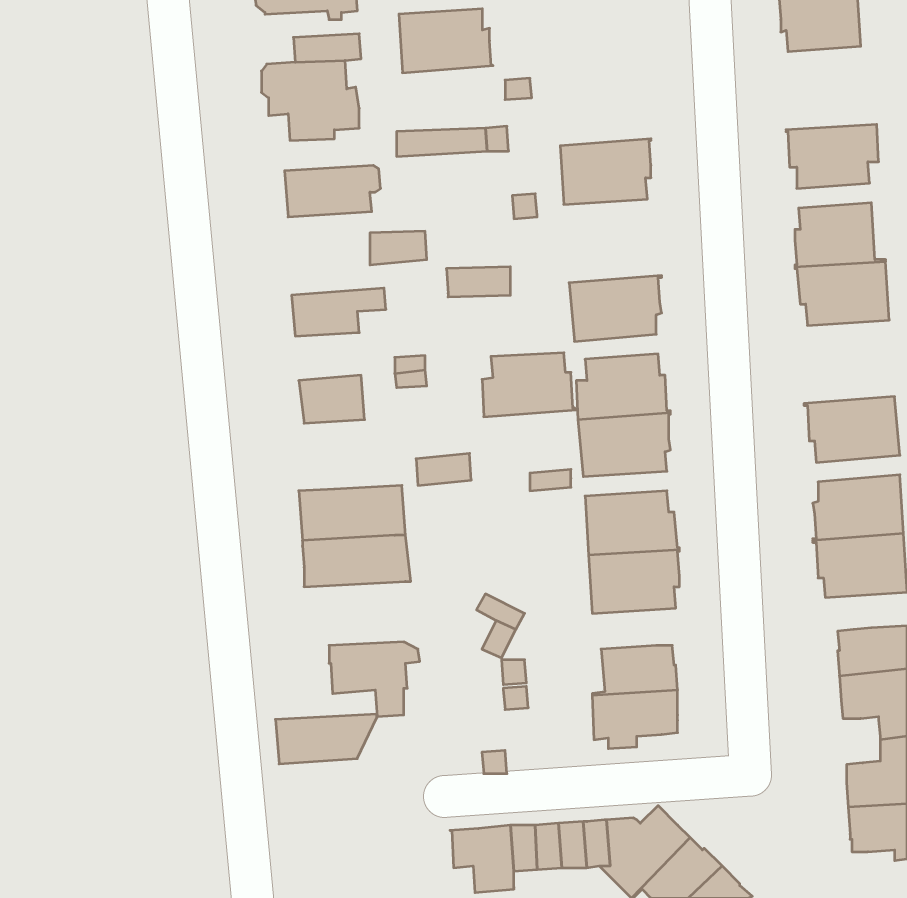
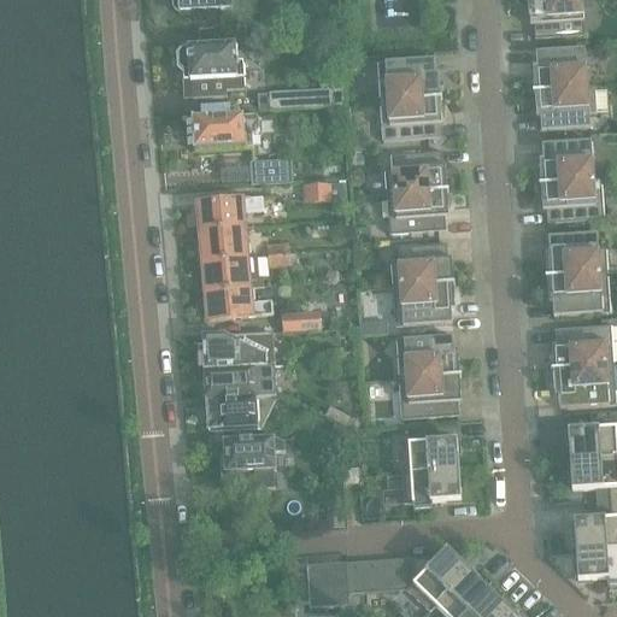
building: [399,9,493,73] -> [377,55,441,99]
building: none -> [533,45,594,88]
building: none -> [200,225,245,258]
building: none -> [545,230,606,274]
building: [482,353,576,417] -> [384,148,448,192]
building: none -> [206,284,271,317]
building: [275,714,377,764] -> [206,394,275,428]

